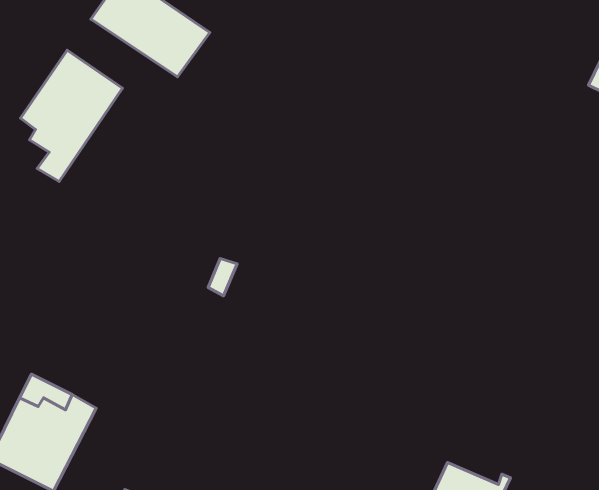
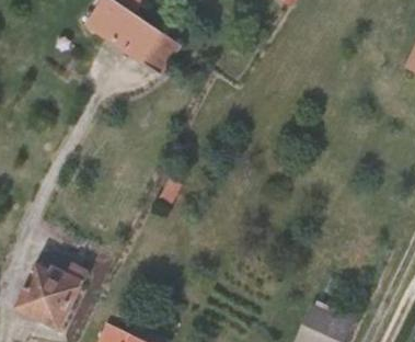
building: [20,50,122,181] -> none

